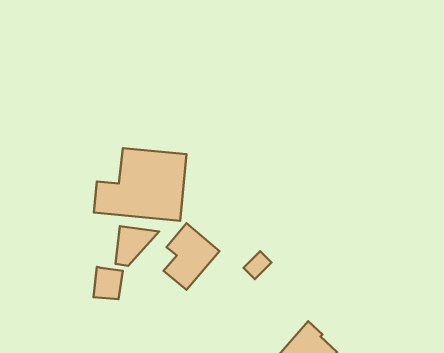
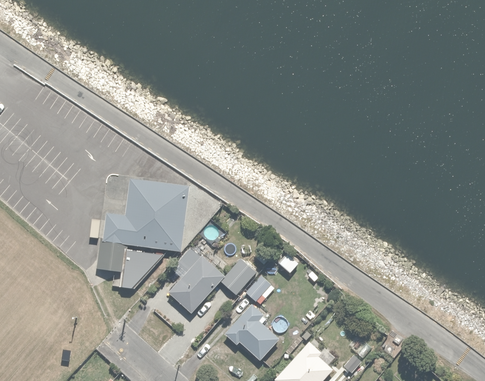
building: none -> [221,261,257,298]
building: [94,267,123,299] -> [97,242,125,273]
building: none -> [223,305,277,360]

